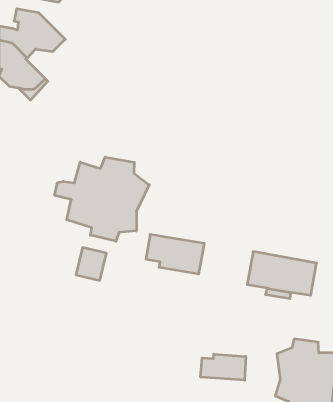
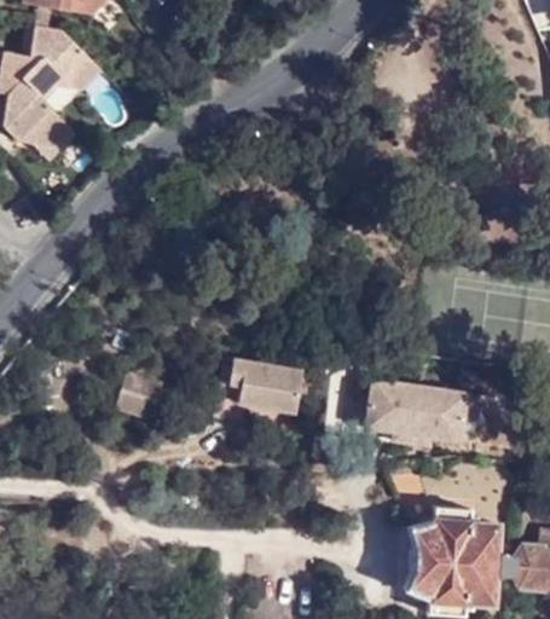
building: [55,157,149,241] -> none
building: [201,354,246,380] -> none

